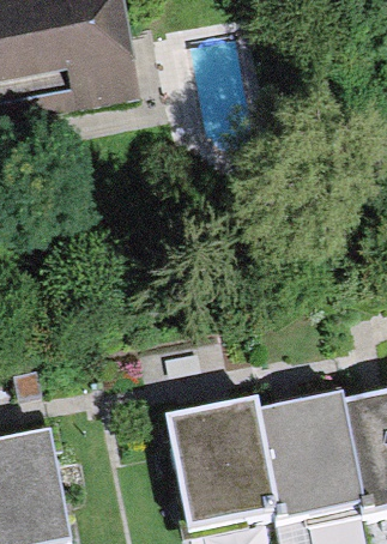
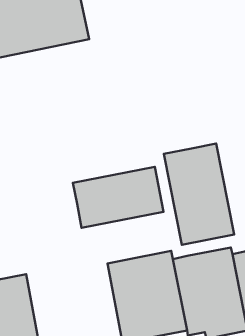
building: none -> [164,144,234,245]
building: none -> [73,167,164,228]

